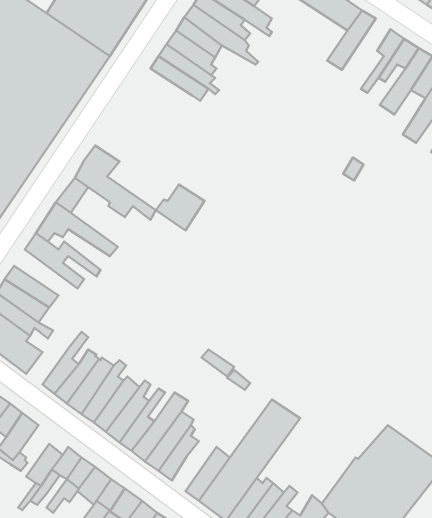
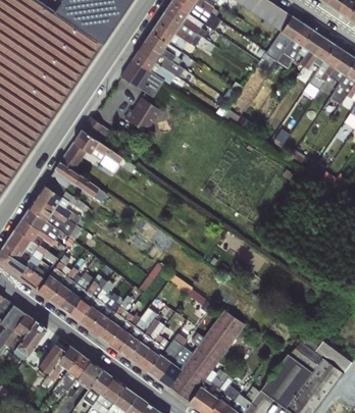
building: none -> [275,22,312,68]
building: none -> [120,60,162,97]
building: [156,185,204,231] -> [122,99,159,134]
building: none -> [28,197,75,237]
building: none -> [37,255,69,299]
building: none -> [147,340,181,379]

